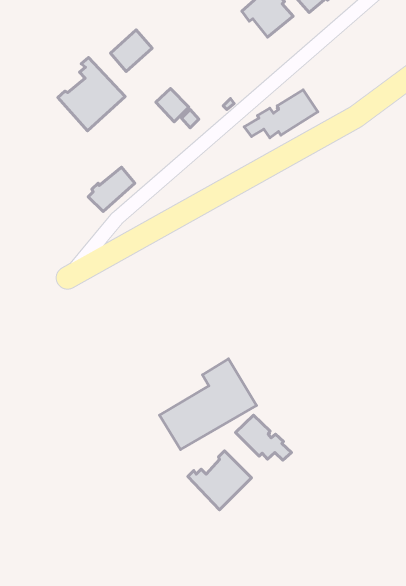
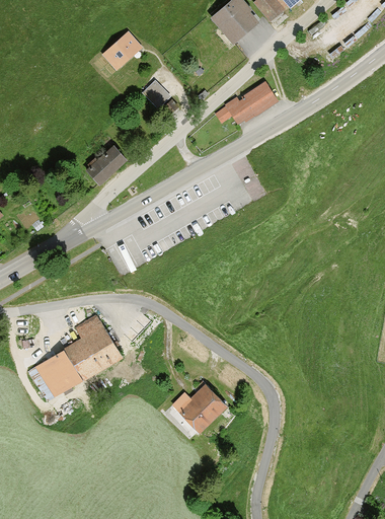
building: [58,57,125,131] -> none
building: [160,359,257,450] -> [40,315,120,390]
building: [236,415,292,460] -> none

